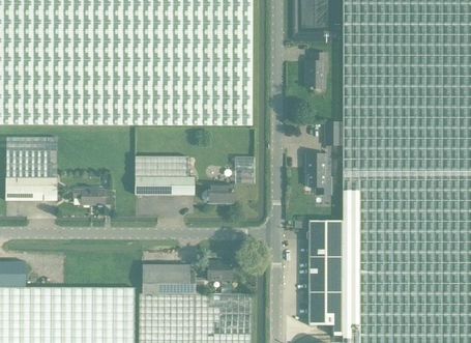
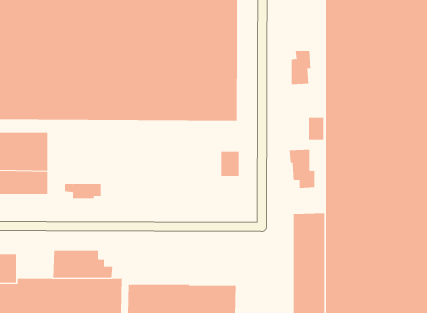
building: [135,156,195,196] -> none
building: [202,184,233,203] -> none
building: [209,261,232,281] -> none
building: [142,264,204,293] -> [53,250,113,278]

